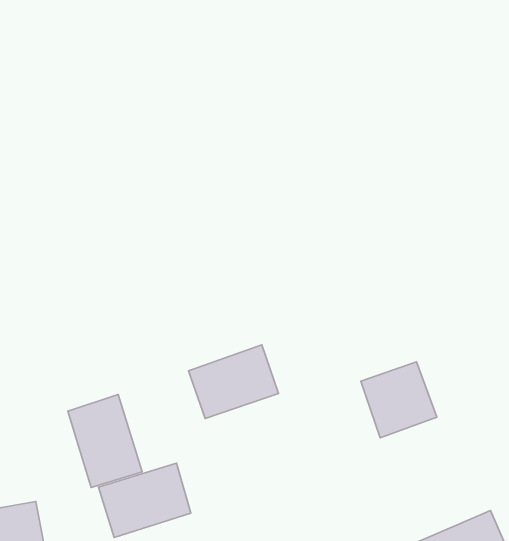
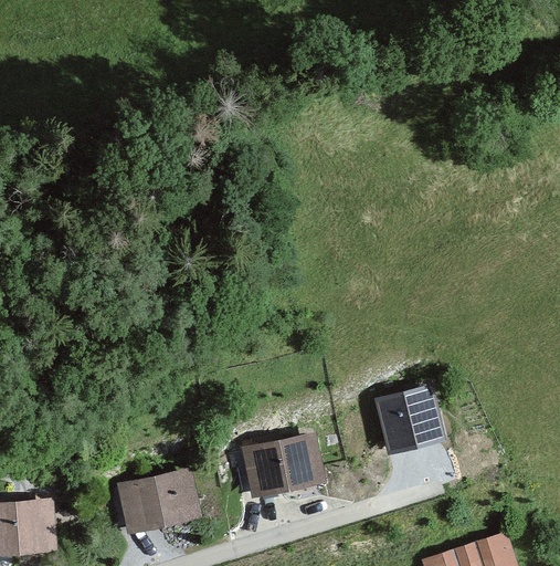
building: [189,345,279,419] -> [242,431,328,500]
building: [68,394,142,488] -> none

